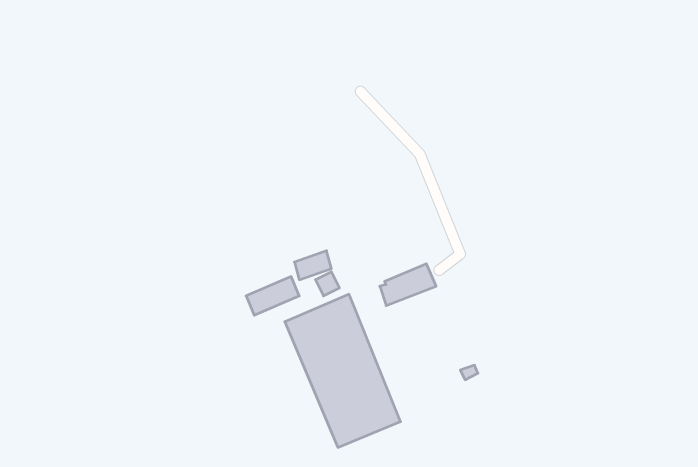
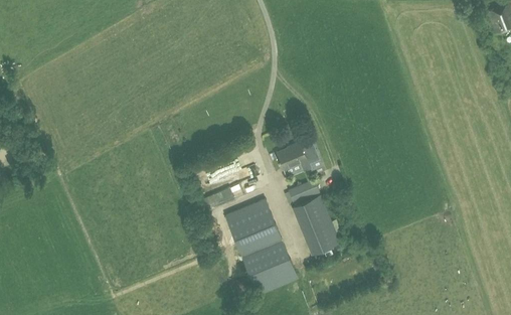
building: none -> [277,142,318,169]
building: none -> [292,194,339,253]

